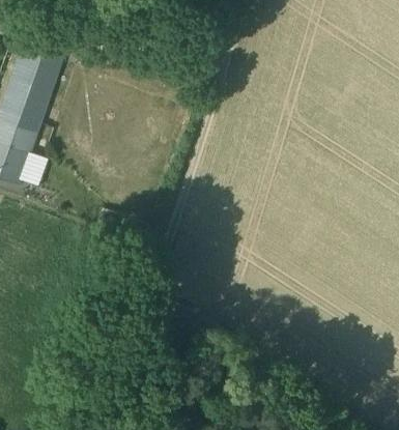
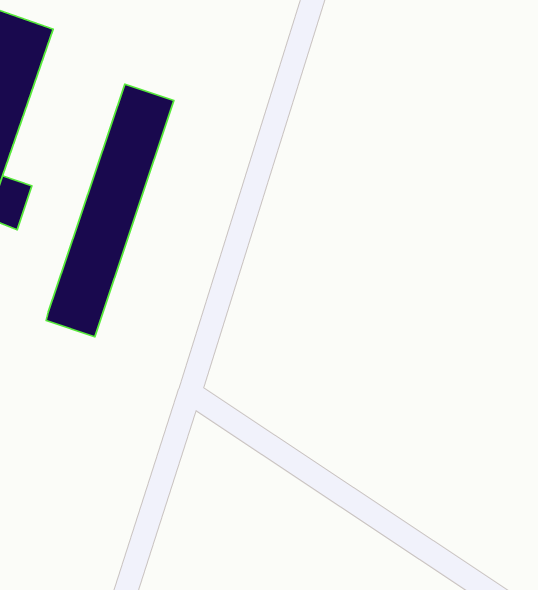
building: none -> [46,84,174,337]

